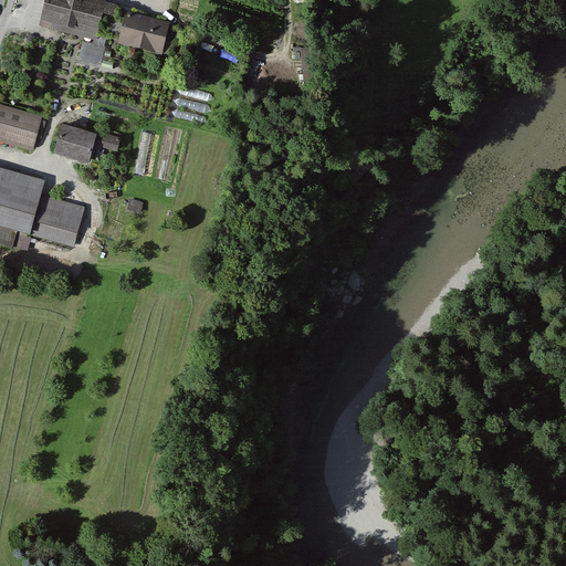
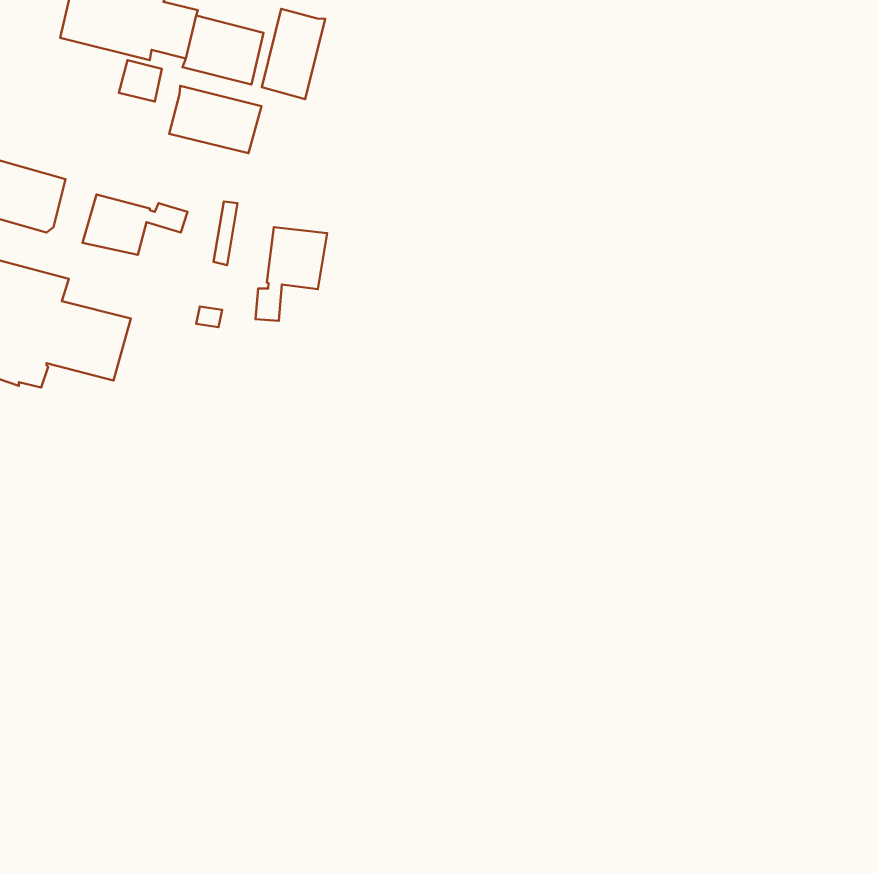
building: none -> [262,9,325,99]
building: none -> [169,86,261,153]
building: none -> [255,227,327,321]

